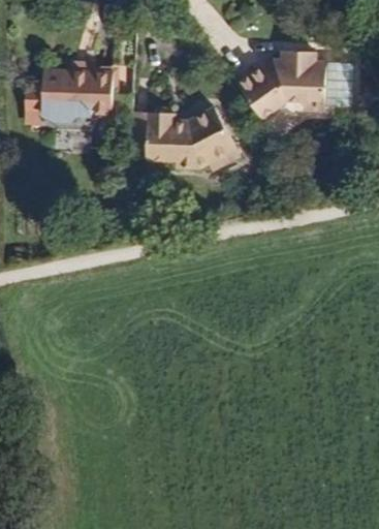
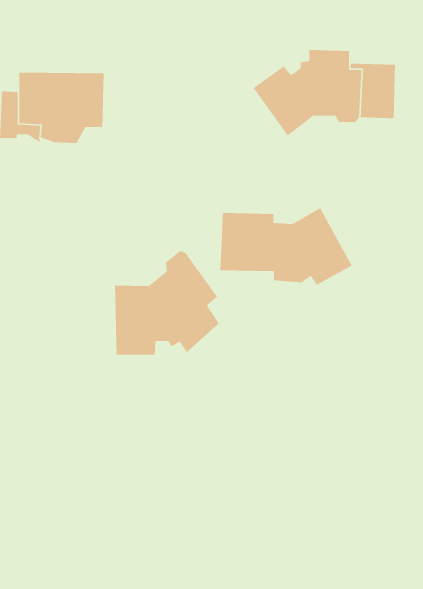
building: [130,106,241,172] -> [220,207,353,286]
building: none -> [114,250,220,356]

